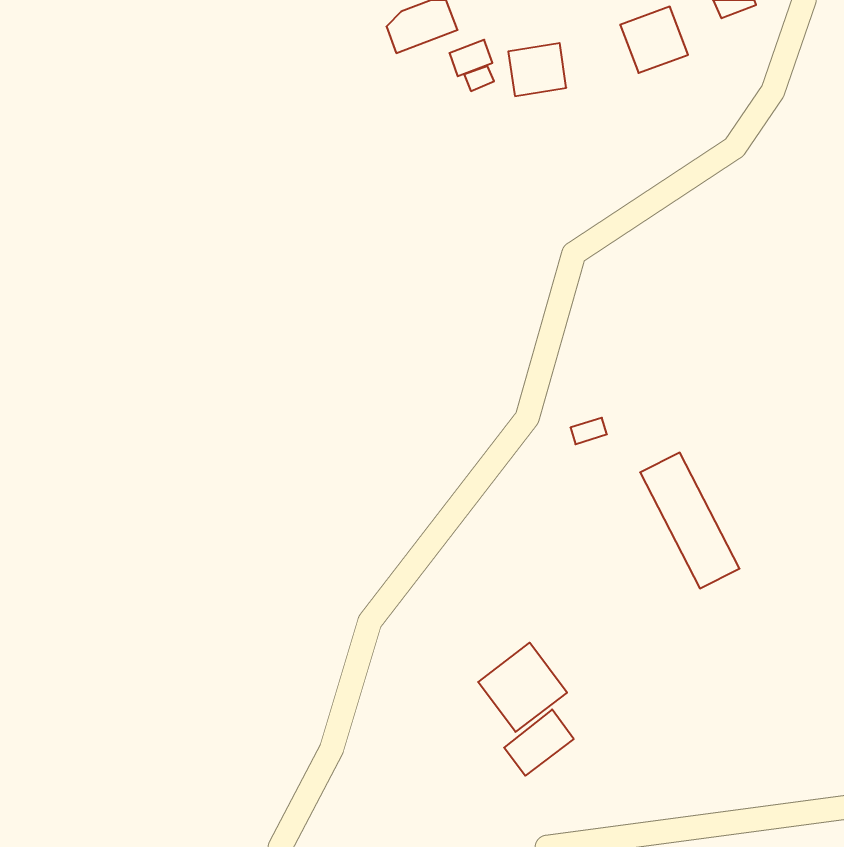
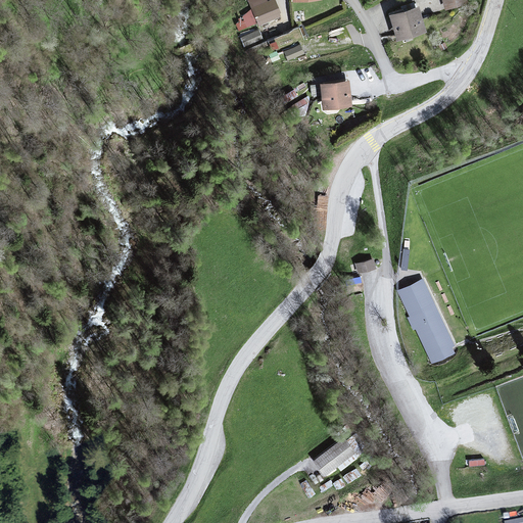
building: [508,43,566,96] -> [316,78,351,110]
building: [478,643,567,732] -> none

